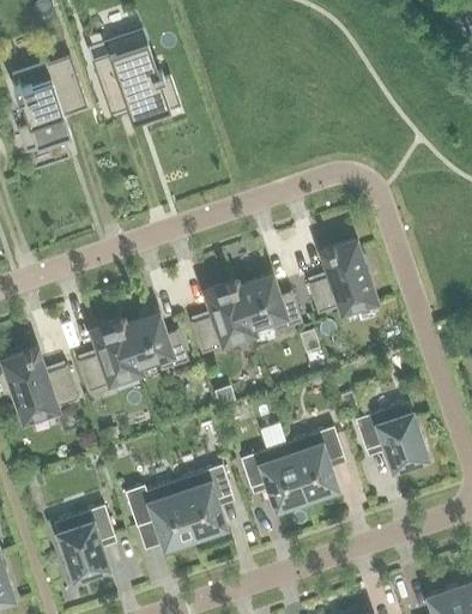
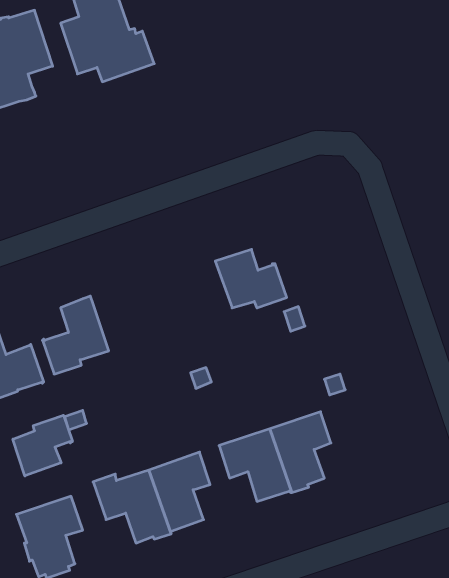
building: [308,242,374,313] -> none
building: [192,282,253,354] -> none
building: [125,315,189,371] -> none
building: [356,402,428,471] -> none
building: none -> [13,415,72,476]

